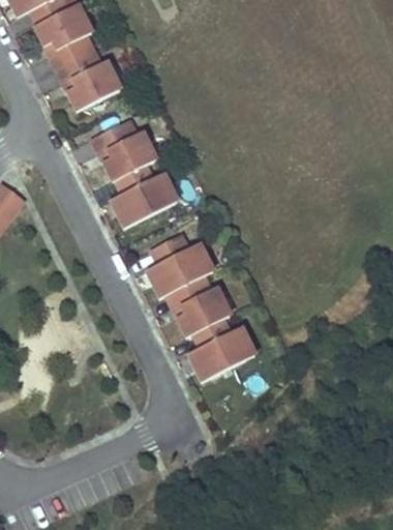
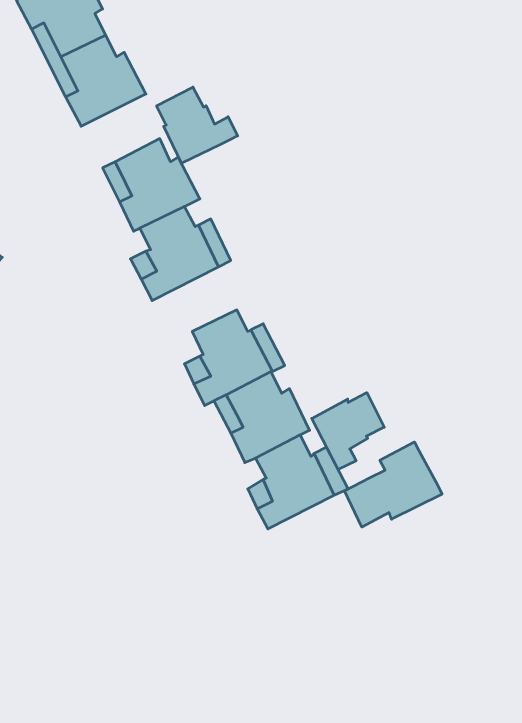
building: none -> [157,87,238,164]
building: none -> [312,393,384,469]
building: none -> [344,442,442,527]

